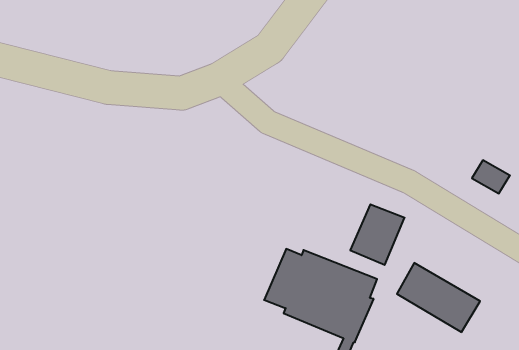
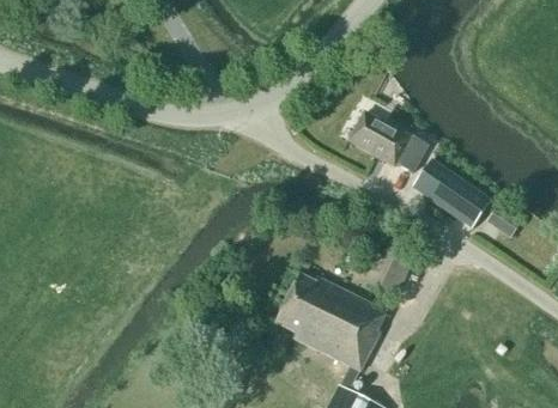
building: none -> [347,112,427,173]
building: [397,263,480,332] -> [412,158,492,229]

